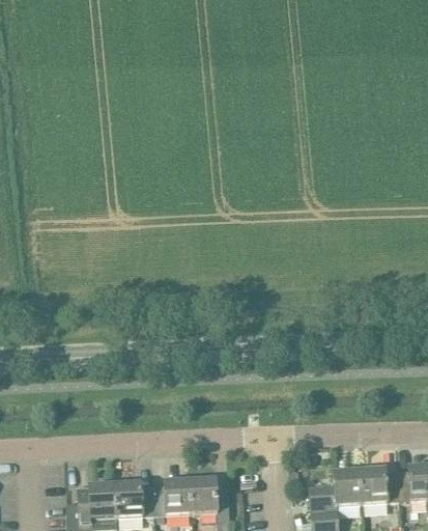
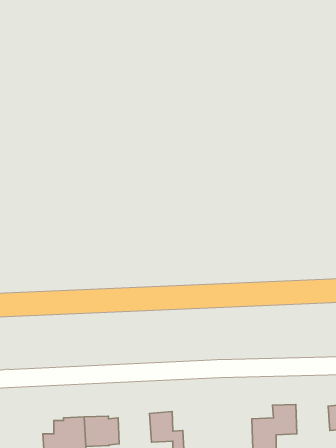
building: [360,469,399,504] -> none
building: [154,480,193,515] -> none

